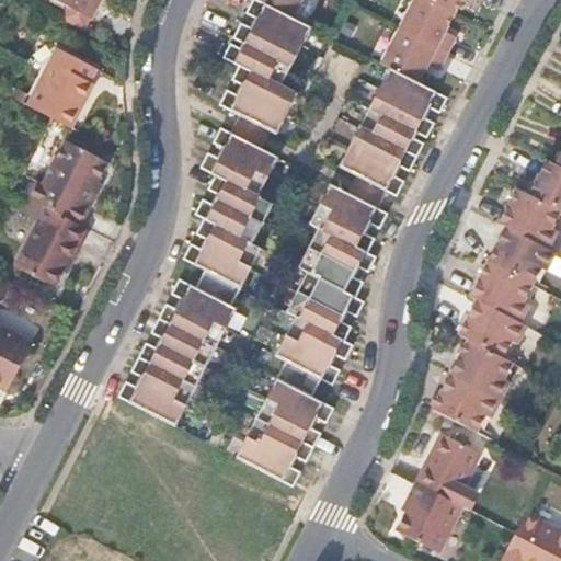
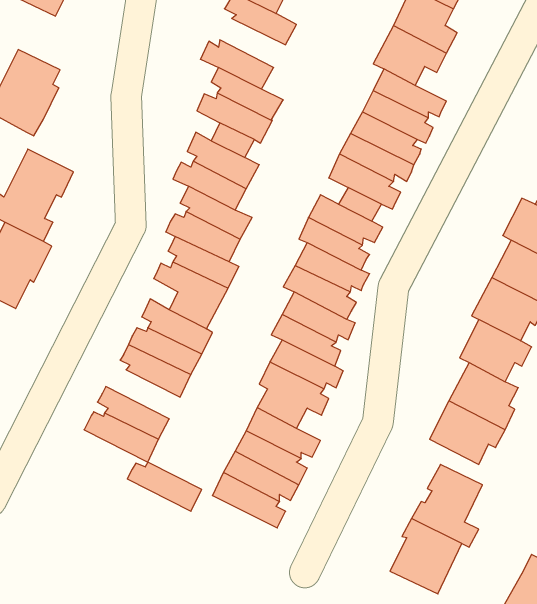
building: [233,21,301,66] -> none
building: [137,342,205,387] -> [127,462,202,511]

